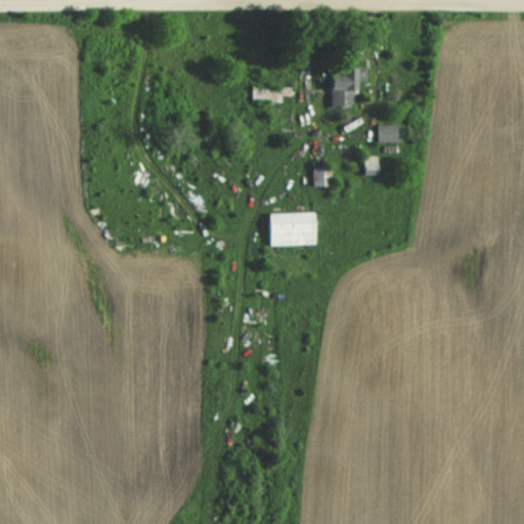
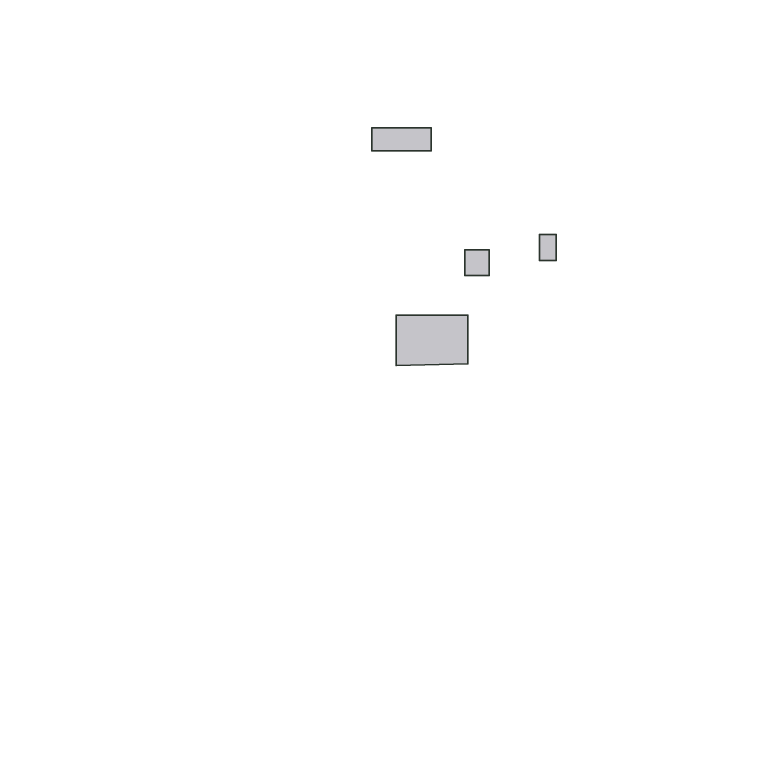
building: [332,68,366,107] -> none
building: [378,124,401,142] -> none

